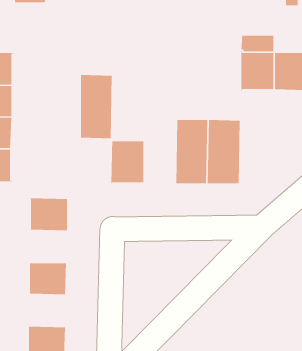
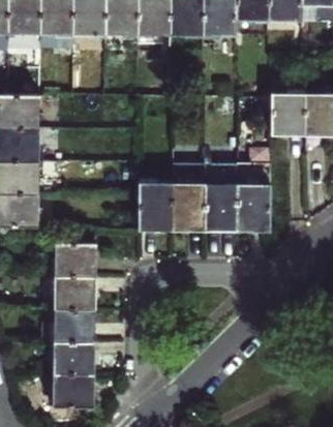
building: [80,74,113,139] -> [172,164,205,231]
building: none -> [55,277,94,310]
building: none -> [54,342,92,375]

